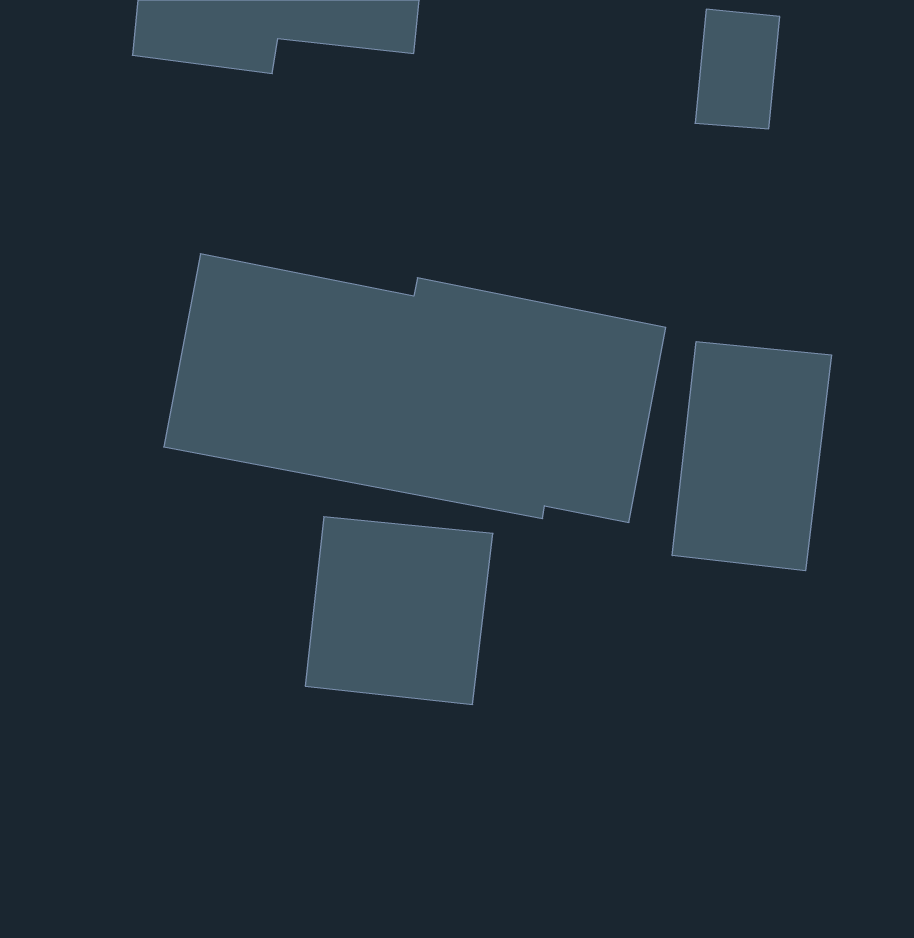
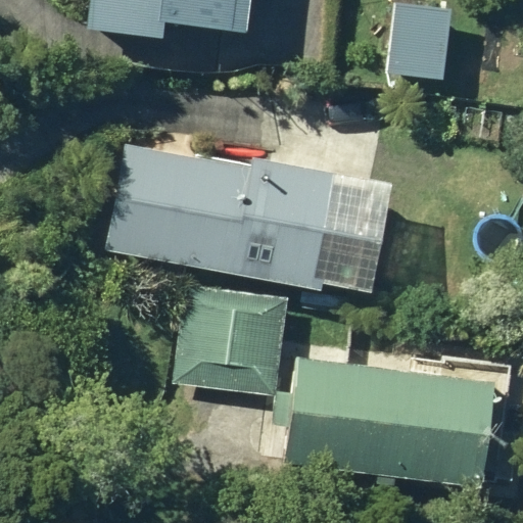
building: [672,342,831,571] -> none
building: none -> [274,359,489,484]

